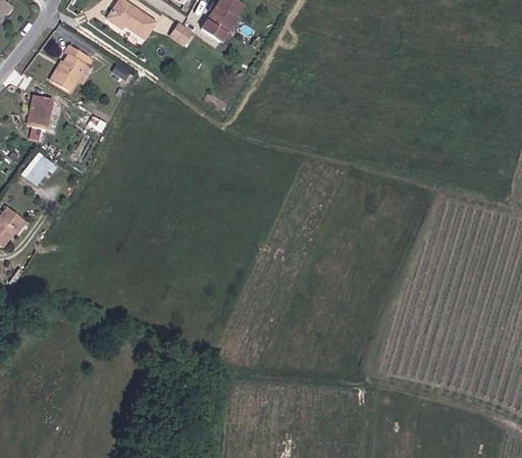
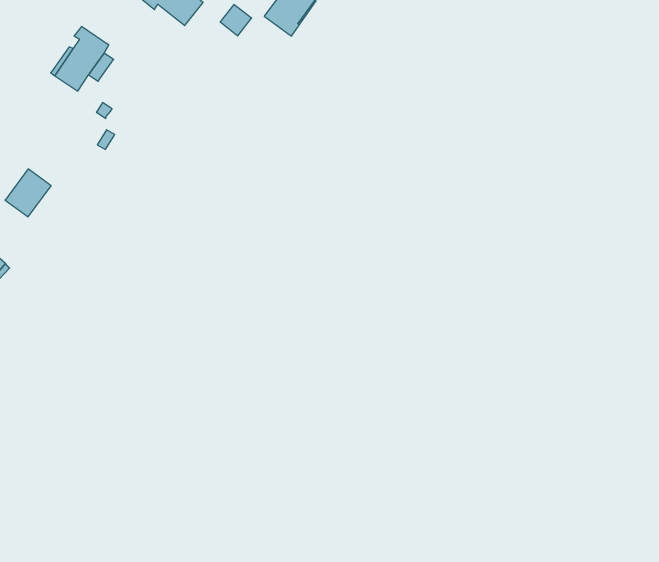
building: [27,94,53,130] -> none

